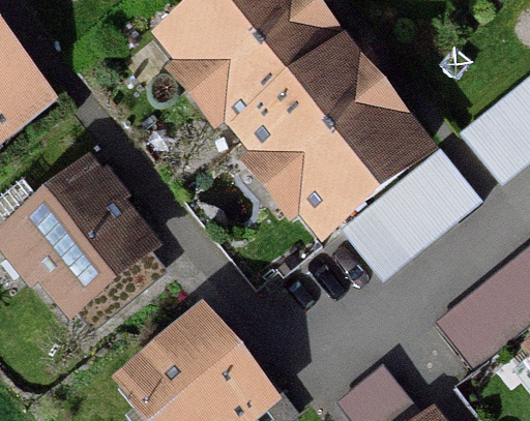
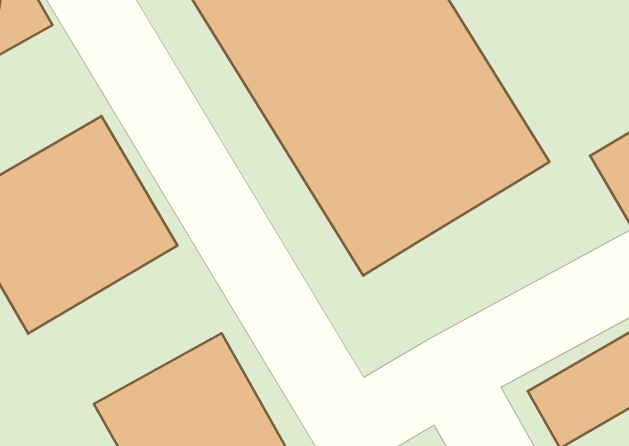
building: [349,149,484,275] -> none

